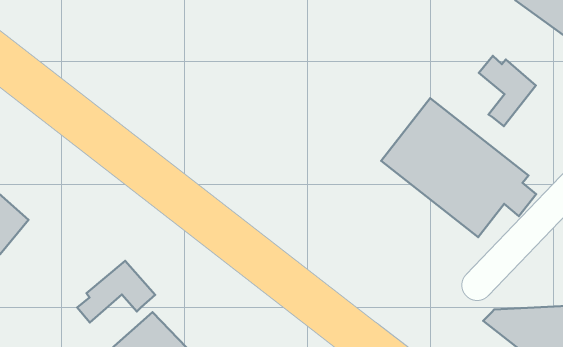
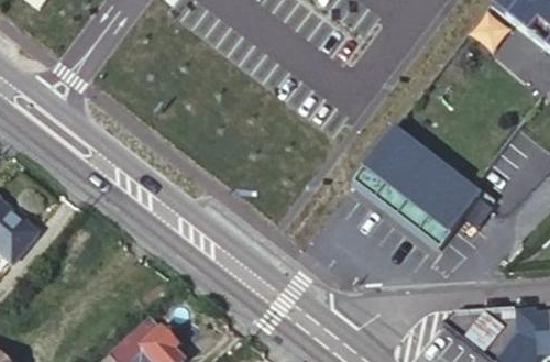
building: [479,56,536,126] -> none
building: [77,261,155,322] -> none

